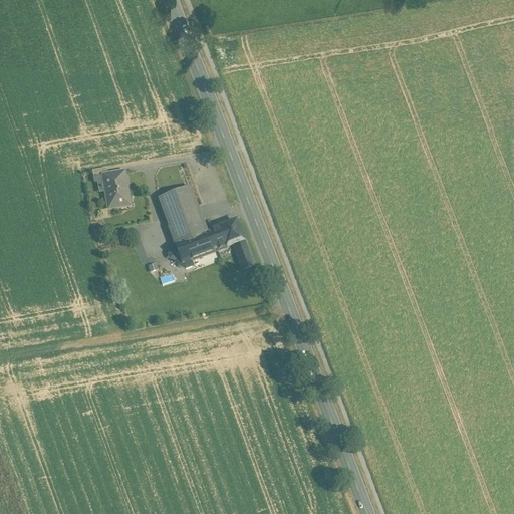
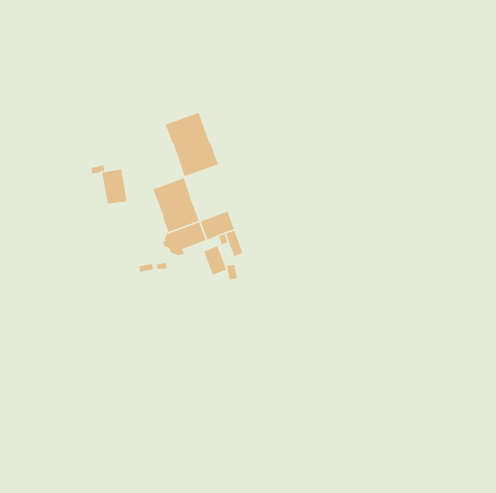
building: none -> [165,112,219,177]
building: none -> [203,245,227,276]

